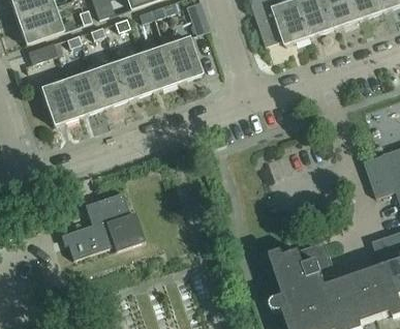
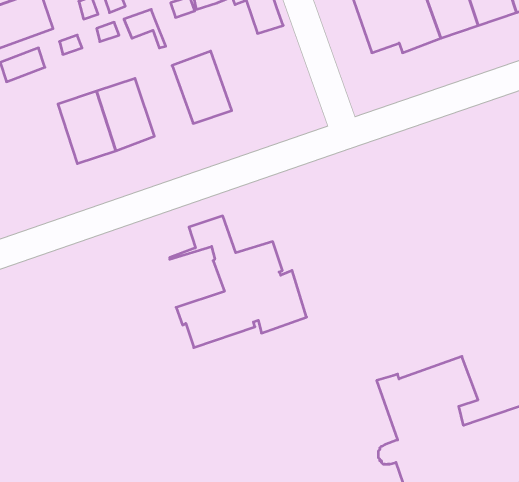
building: [162,35,201,82] -> none
building: [114,53,151,98] -> none
building: [39,78,76,124] -> none
building: [55,174,143,259] -> [170,216,307,348]

